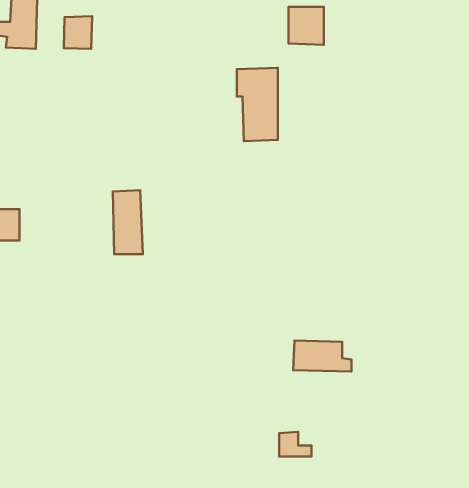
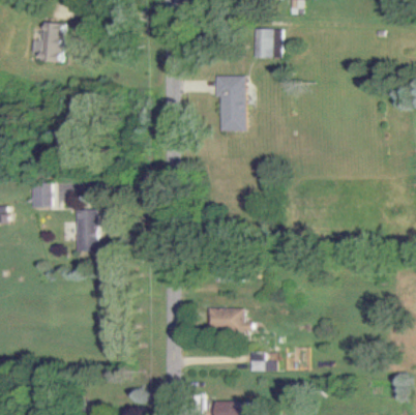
building: [64,16,92,49] -> none
building: [113,190,143,254] -> [75,209,97,258]
building: [293,340,352,372] -> [206,308,250,332]

